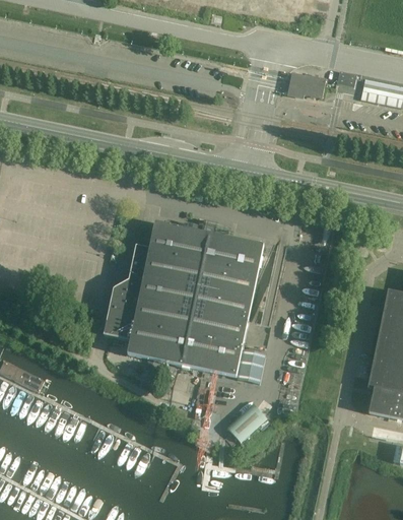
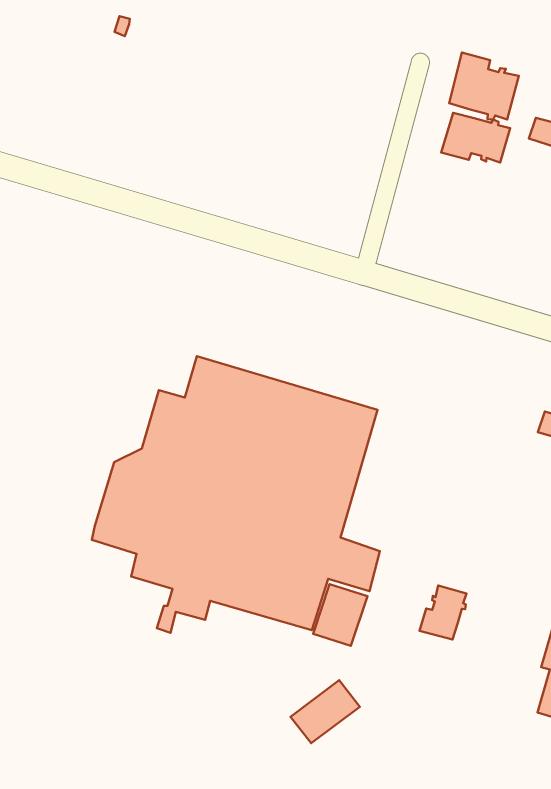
building: none -> [449,52,519,120]
building: none -> [420,586,466,640]

